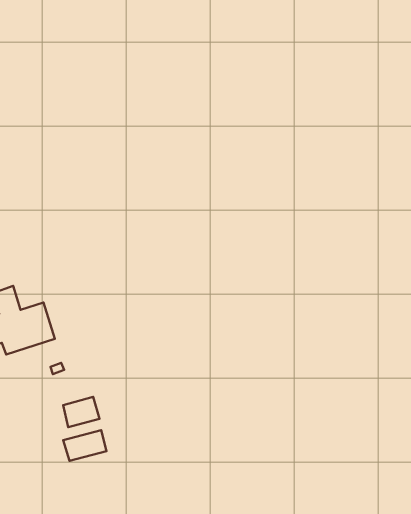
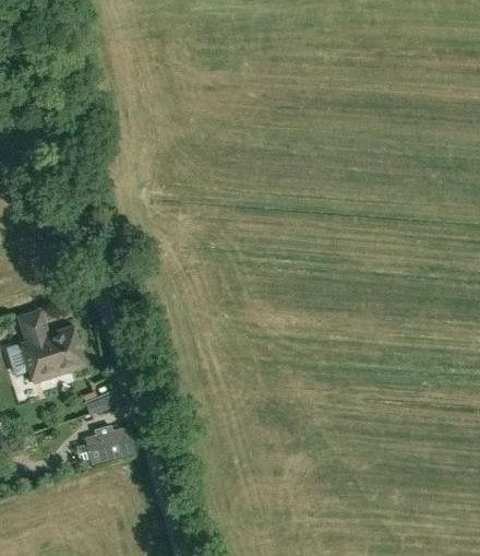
building: [63,430,106,461] -> none

